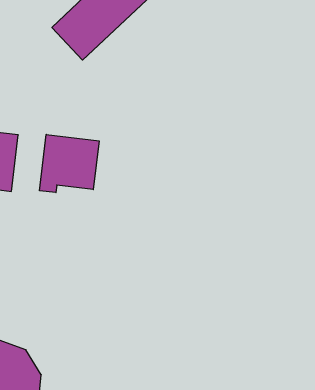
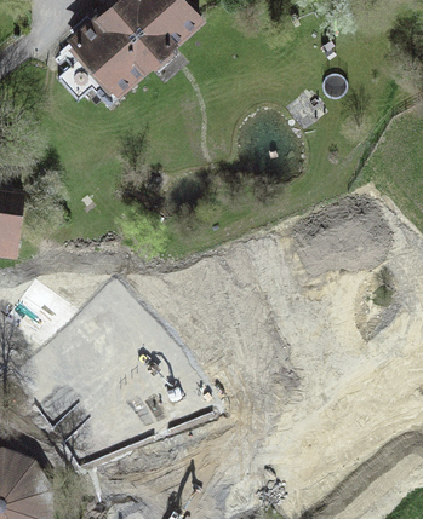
building: [40,134,99,193] -> none

